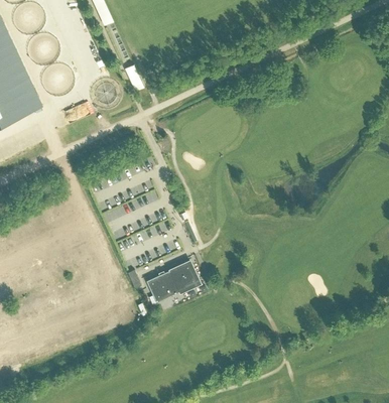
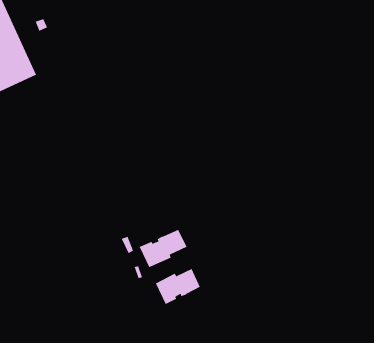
building: none -> [155,268,201,305]

